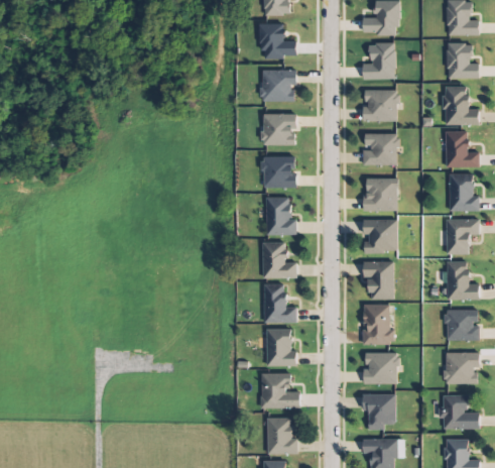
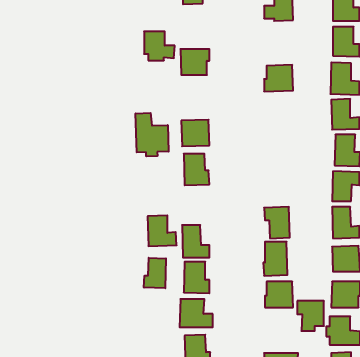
building: [259,23,296,58] -> [144,31,175,60]
building: [363,42,395,80] -> none
building: [262,113,296,145] -> none
building: [363,133,397,164] -> none
building: none -> [136,113,169,156]
building: [365,178,397,212] -> none
building: [364,219,397,252] -> none
building: [262,241,297,278] -> [148,215,177,246]
building: none -> [144,258,166,288]
building: [363,393,395,430] -> [297,301,324,331]

